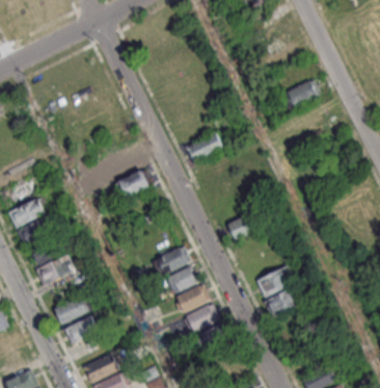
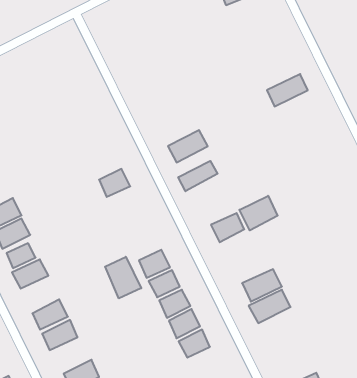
building: none -> [178,161,218,191]
building: none -> [239,196,278,230]
building: none -> [105,257,141,298]

